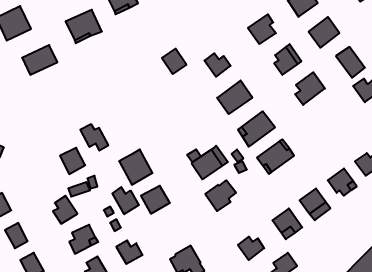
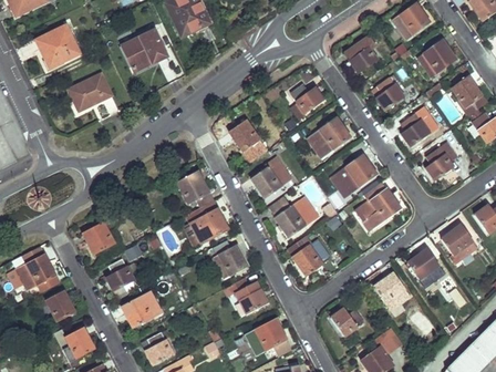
building: [162,49,186,74] -> [228,120,258,151]
building: none -> [425,141,457,179]
building: none -> [251,155,290,197]
building: [80,124,108,151] -> [177,175,211,207]
building: [60,148,85,174] -> [82,223,113,255]
building: [112,187,139,214] -> none
building: [116,240,143,264] -> [235,285,267,313]

